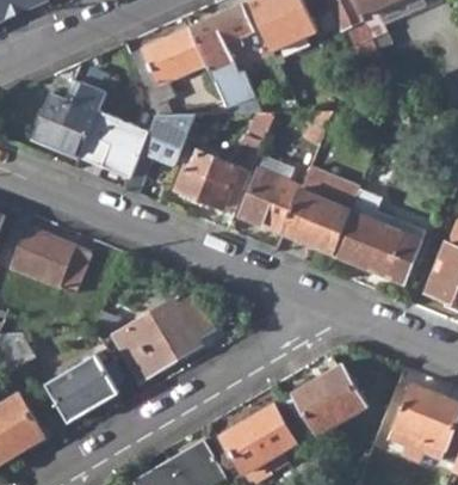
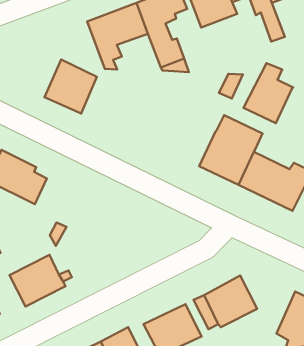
building: [31,78,105,156] -> none
building: [124,113,192,192] -> none
building: [173,149,248,211] -> none
building: [239,155,299,231] -> [244,63,293,123]
building: [118,297,217,380] -> none

